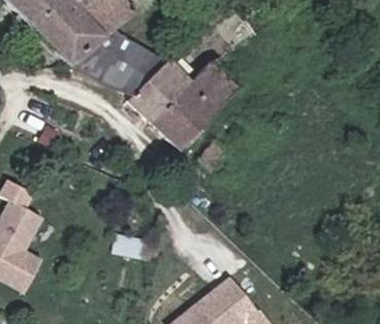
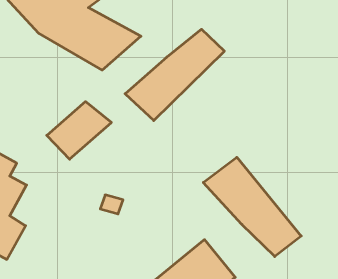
building: [125,61,192,121] -> [47,102,111,159]
building: none -> [203,157,301,257]

